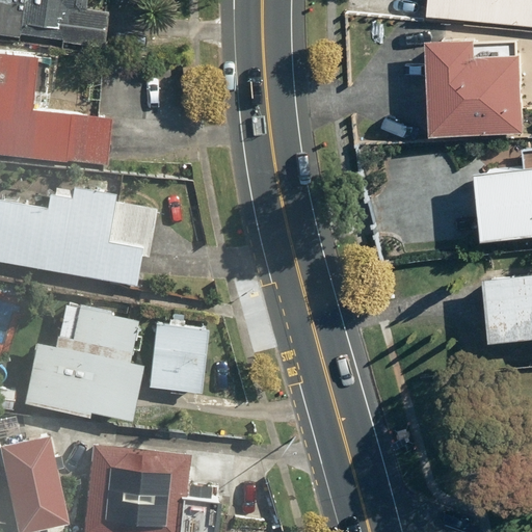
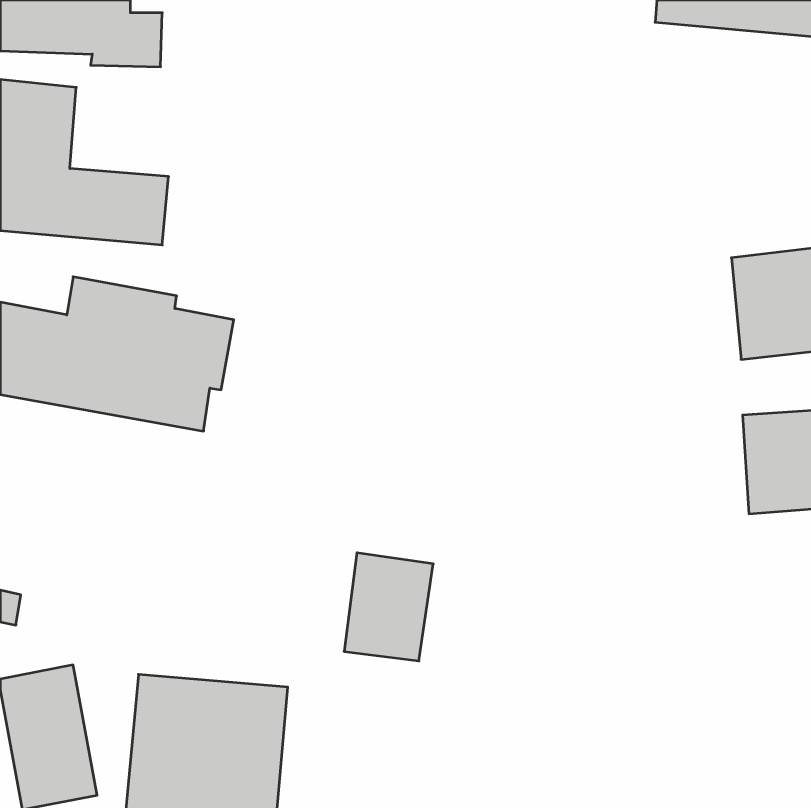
building: [430,42,527,135] -> none
building: [22,300,142,421] -> none
building: [145,323,204,394] -> [344,553,433,661]

